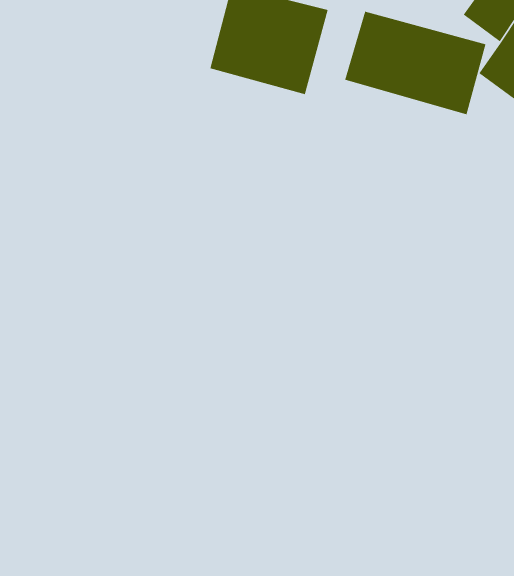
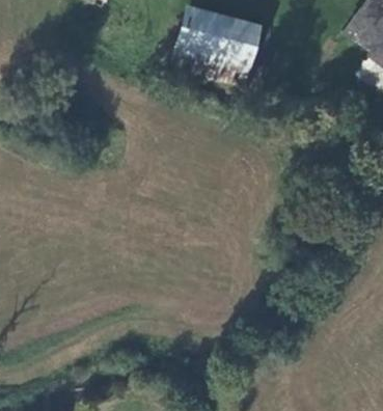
building: [345,11,486,115] -> none

